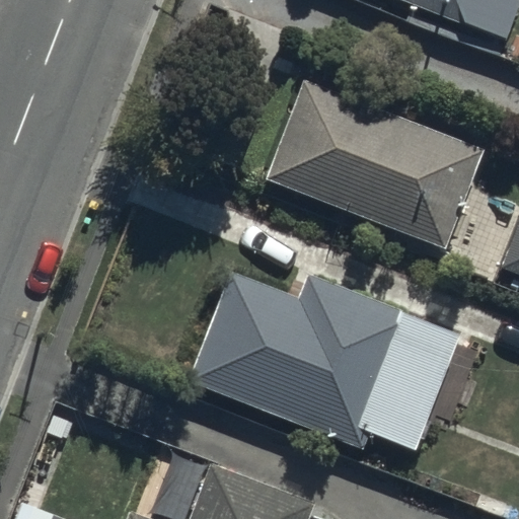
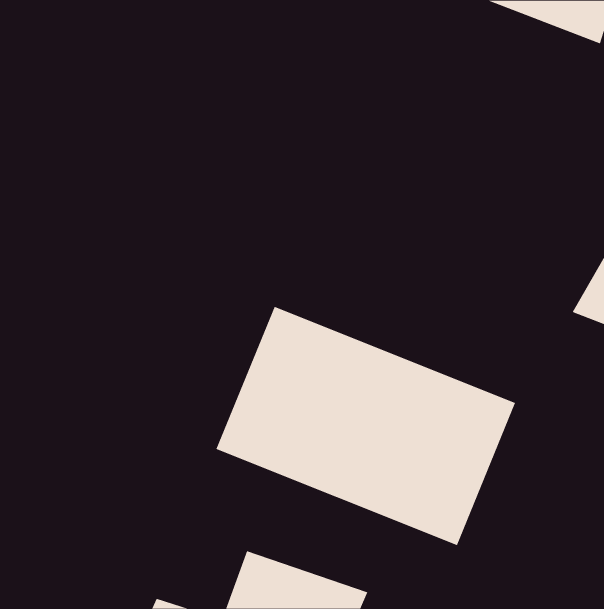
building: [269,80,488,243] -> none

